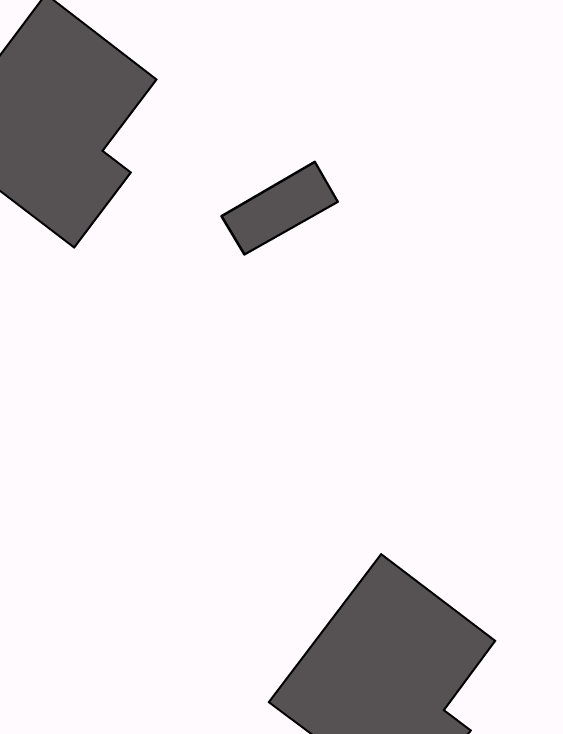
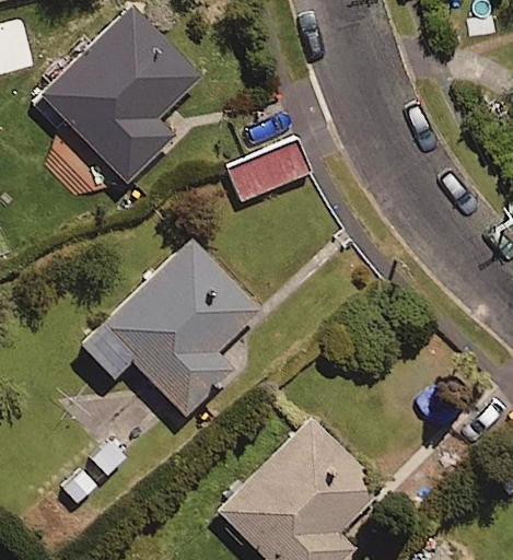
building: none -> [82,237,260,416]

